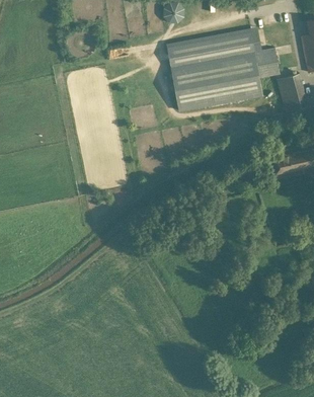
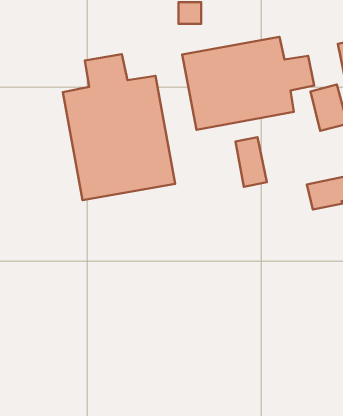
building: none -> [63,54,175,200]
building: none -> [236,137,267,187]

